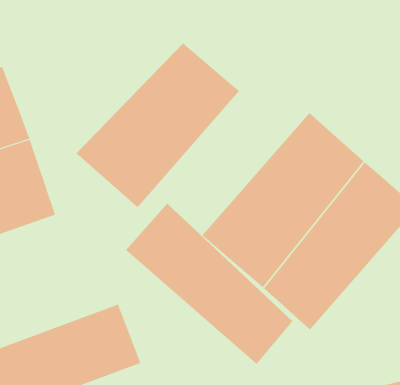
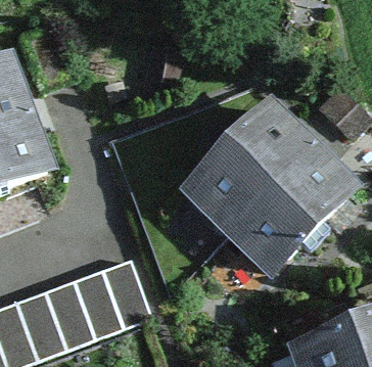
building: [75,43,240,208] -> none
building: [125,203,293,365] -> none

